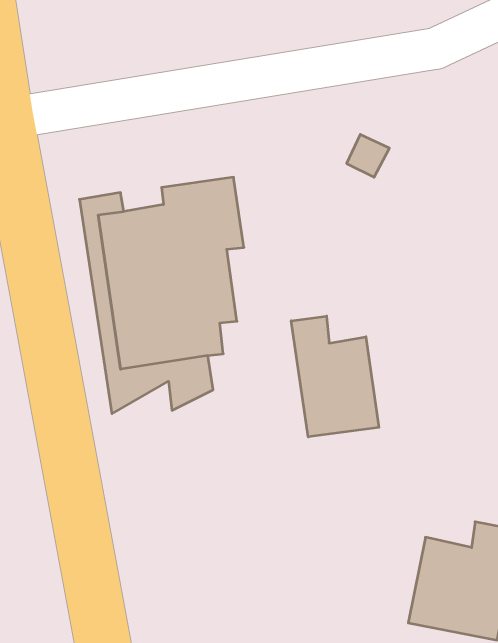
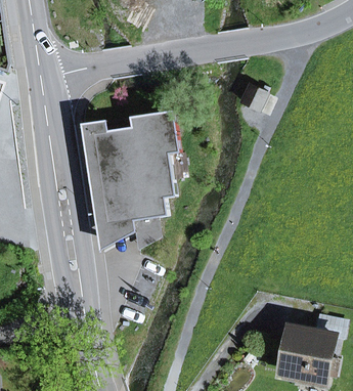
building: [291,316,379,437] -> none

